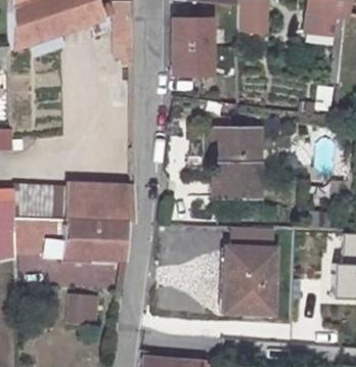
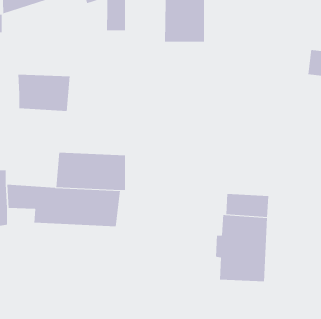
building: [216,132,265,201] -> none
building: [15,183,68,220] -> [18,74,70,112]
building: [64,293,98,323] -> none

